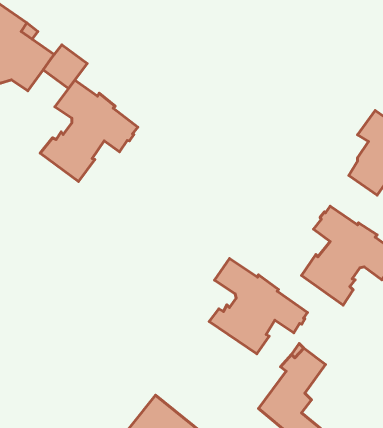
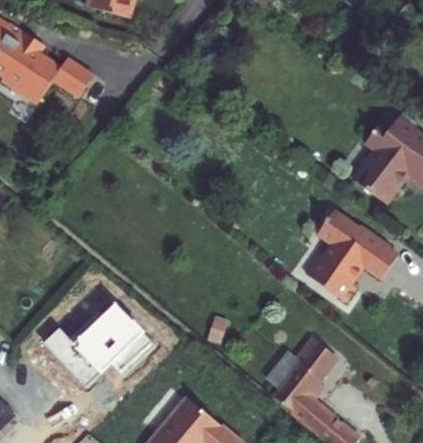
building: [40,80,138,181] -> none
building: [209,259,307,354] -> none
building: none -> [41,300,150,380]

